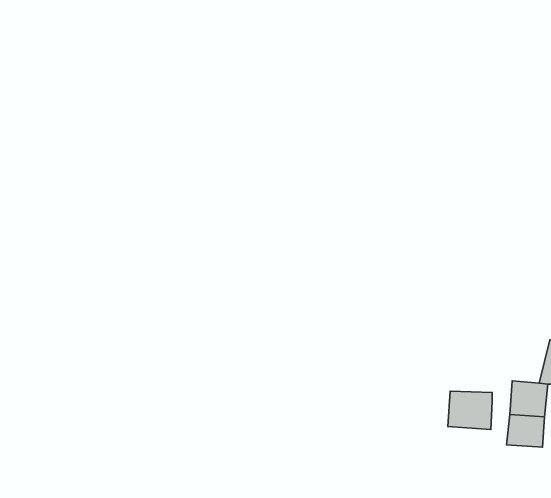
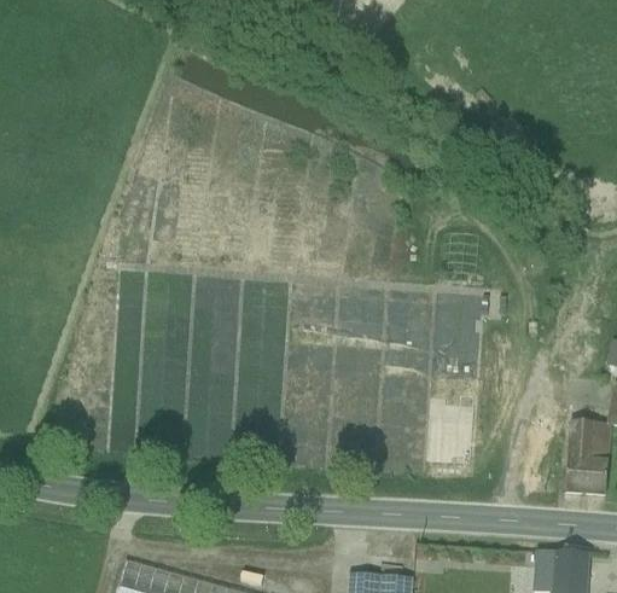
building: [448,391,492,429] -> none

